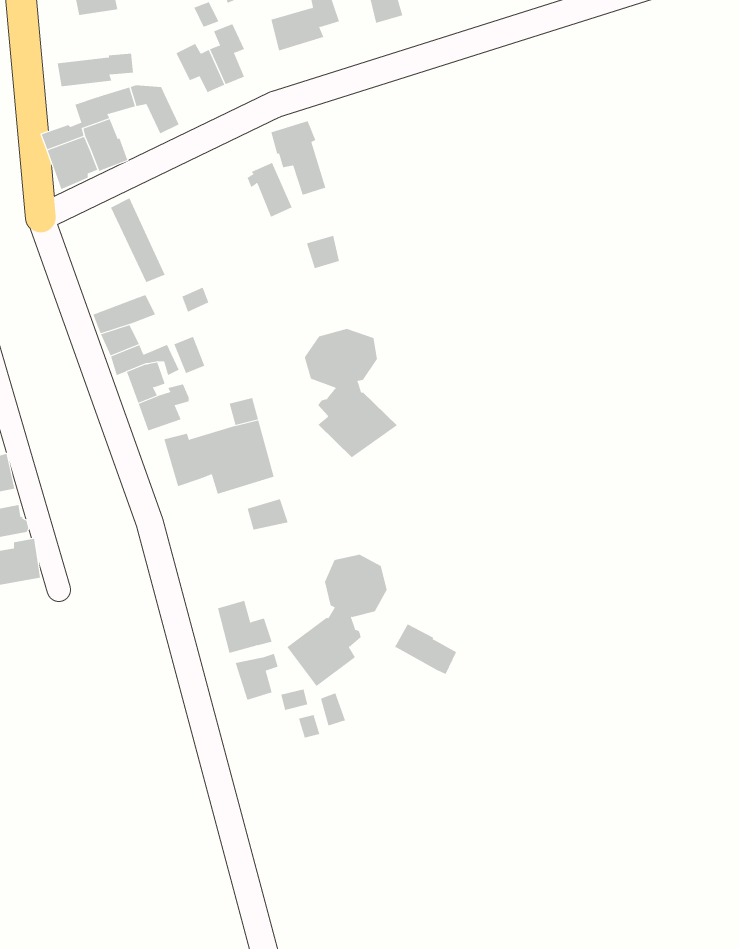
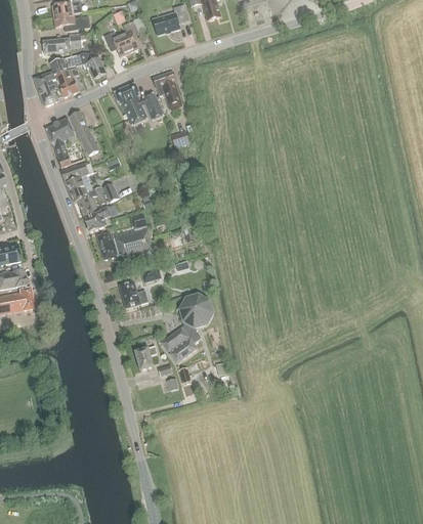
building: none -> [53,13,89,31]
building: none -> [114,83,147,126]
building: none -> [45,118,78,167]
building: [304,328,398,458] -> none
building: [217,600,273,654] -> [120,280,149,308]
building: [394,624,457,675] -> none

